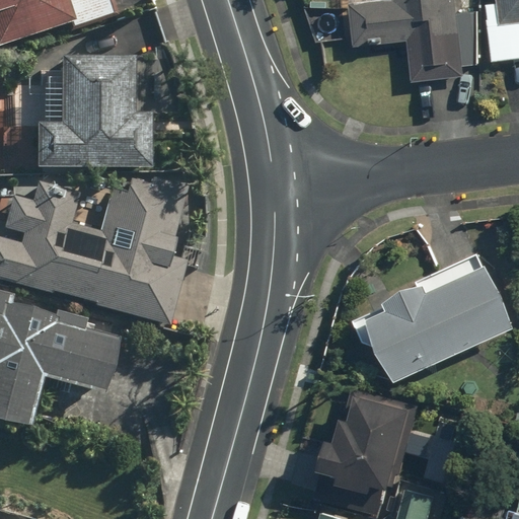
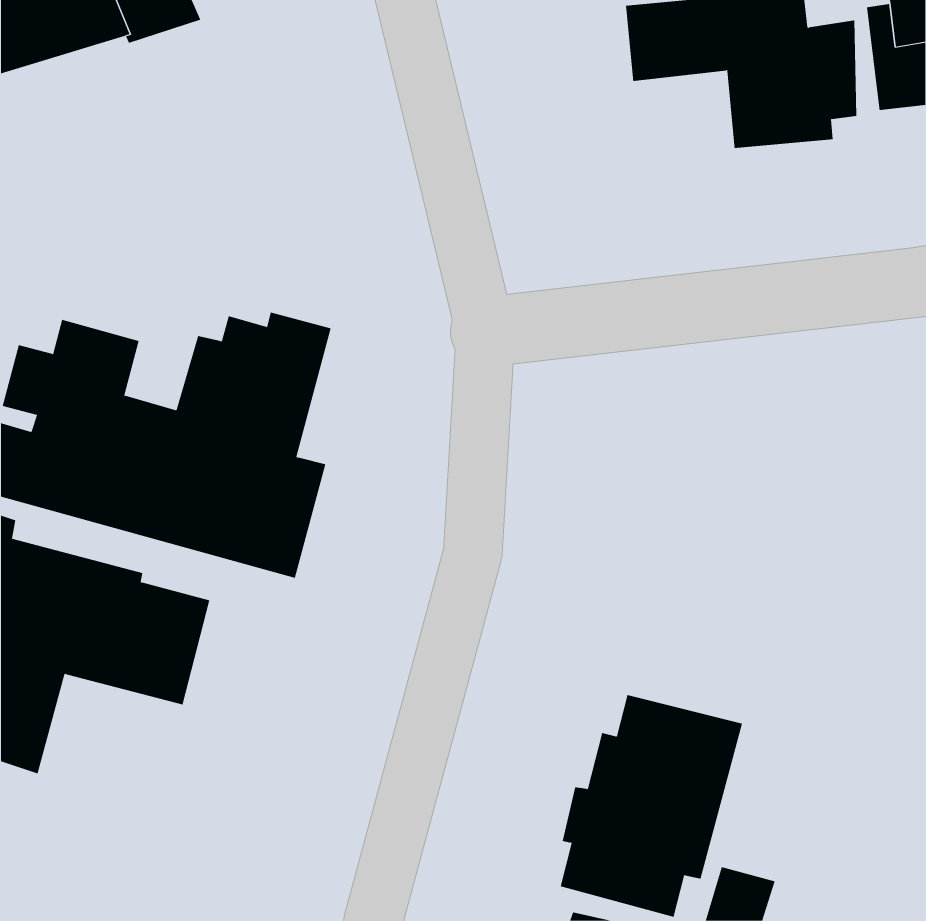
building: [31,54,148,166] -> none
building: [365,265,510,378] -> none

